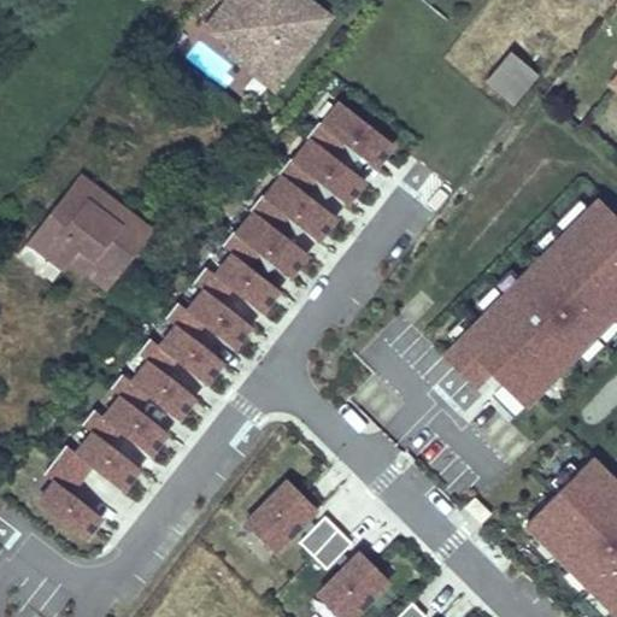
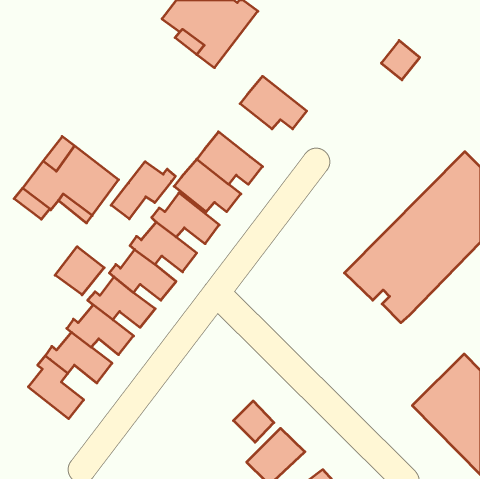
building: [281,135,366,204] -> none
building: none -> [111,162,175,219]
building: none -> [55,247,104,295]
building: [246,481,321,554] -> none

